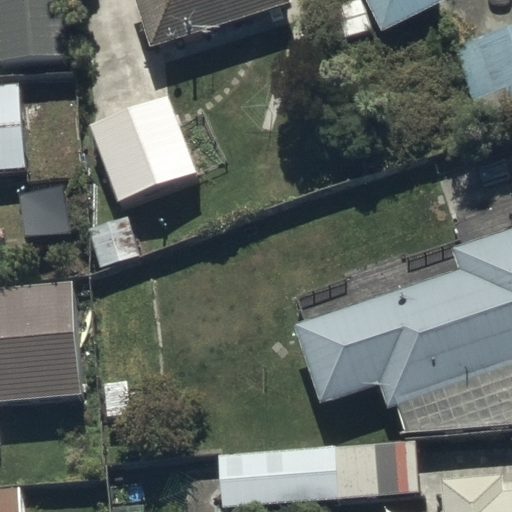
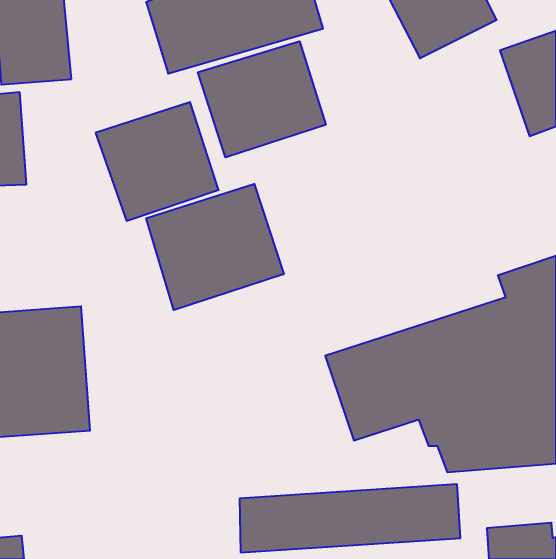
building: none -> [198,41,326,157]
building: none -> [146,184,284,310]

